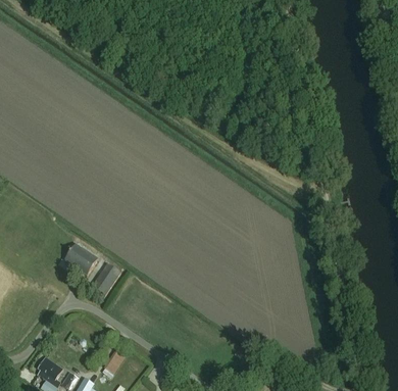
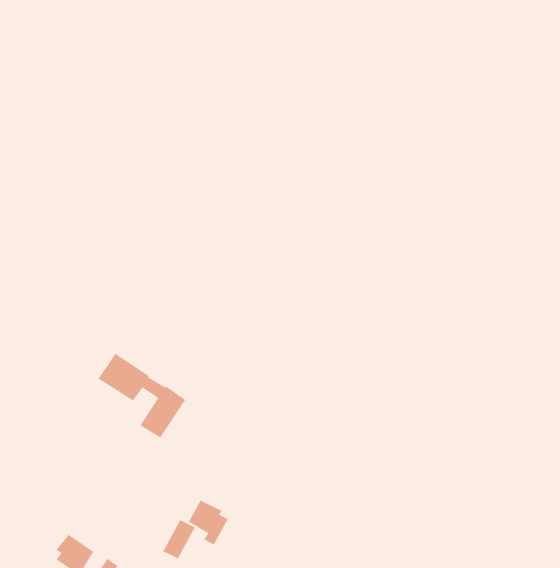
building: none -> [188,499,229,545]

